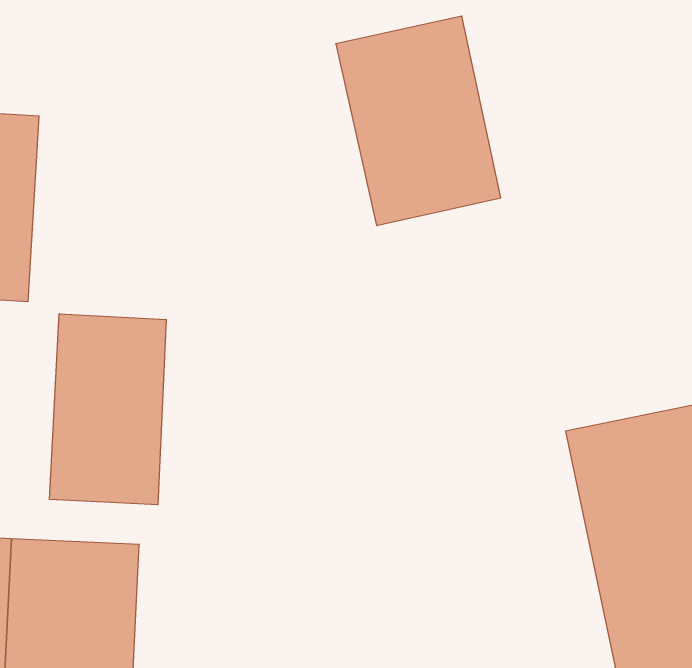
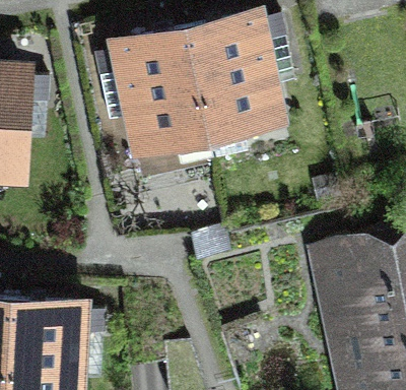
building: none -> [114,38,208,152]
building: [50,314,166,505] -> none

